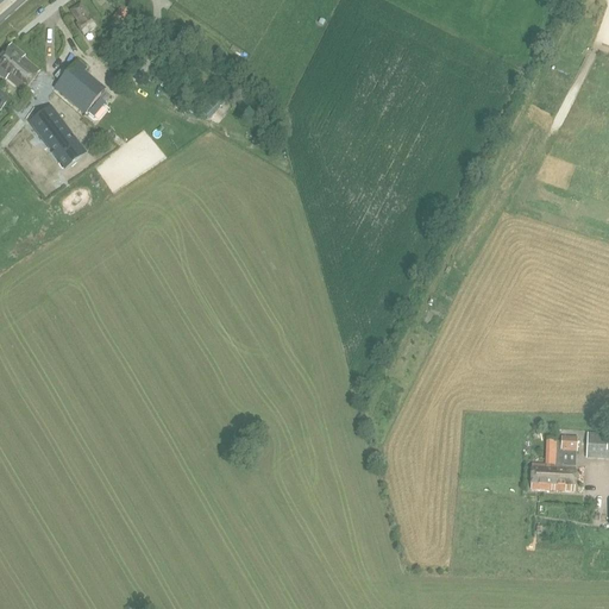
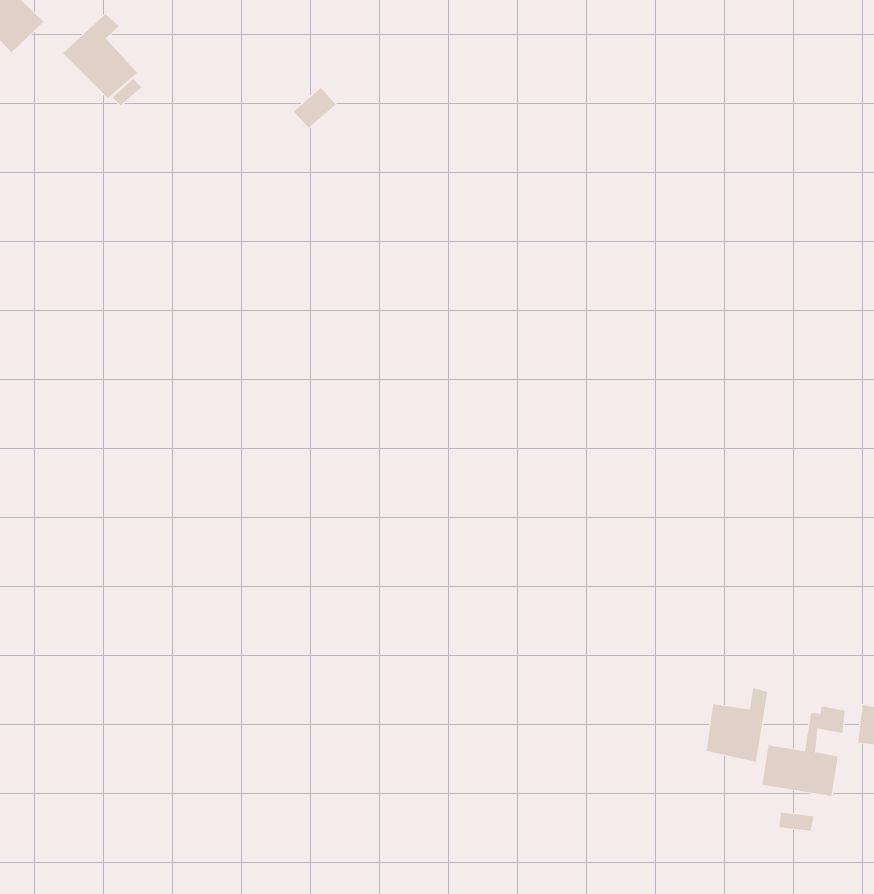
building: [27,105,79,156] -> none
building: none -> [706,687,768,763]

